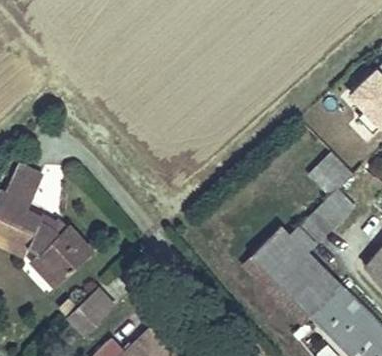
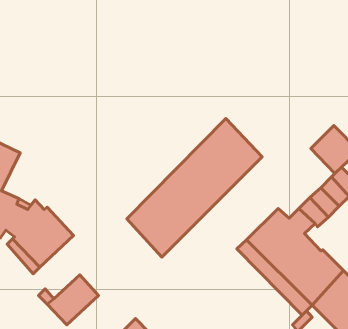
building: none -> [127,119,262,257]

